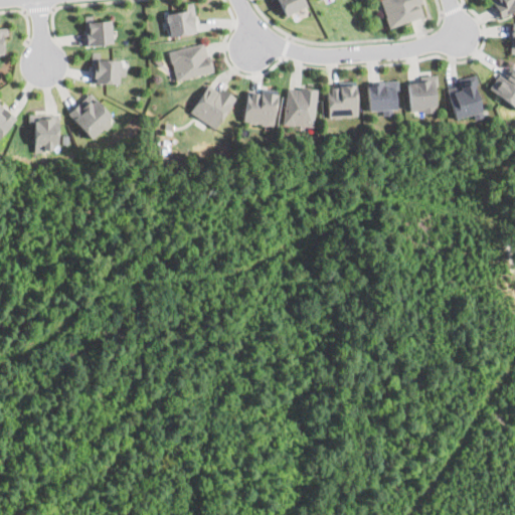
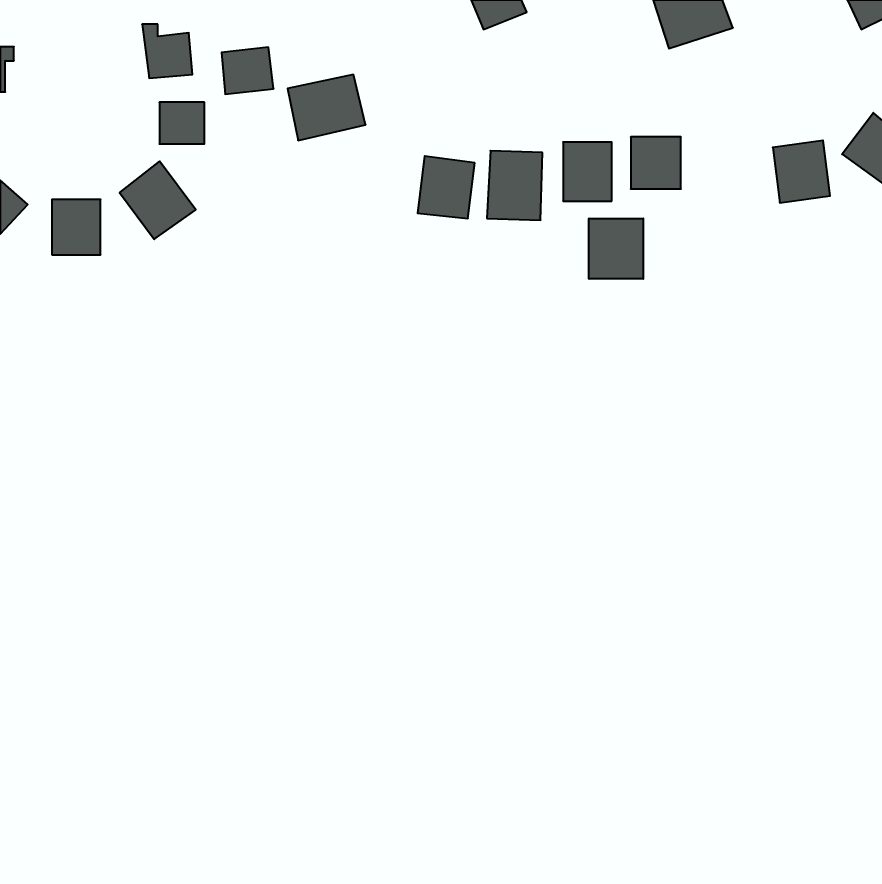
building: [168,10,198,37] -> [222,47,274,94]
building: [409,79,438,113] -> none
building: [191,83,235,130] -> none
building: none -> [589,218,643,279]

